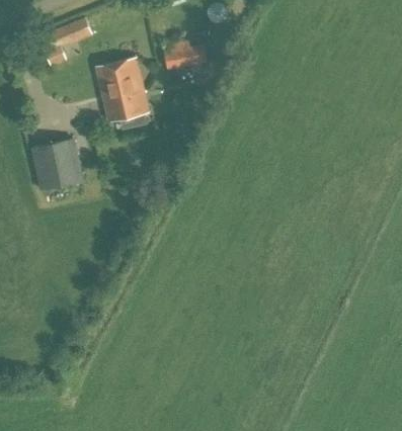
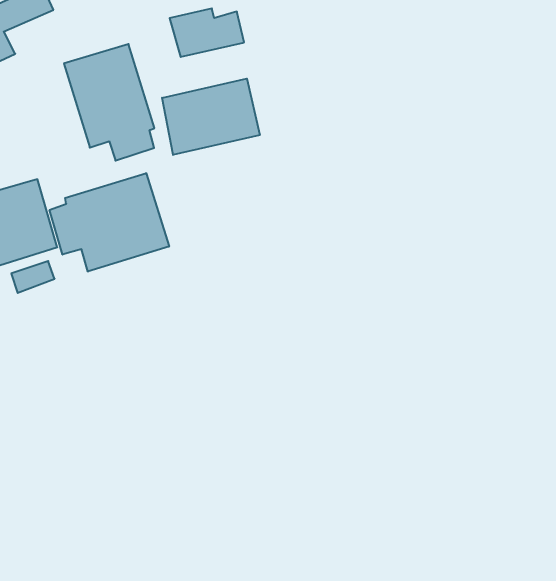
building: none -> [162,79,260,155]
building: none -> [50,173,169,272]

